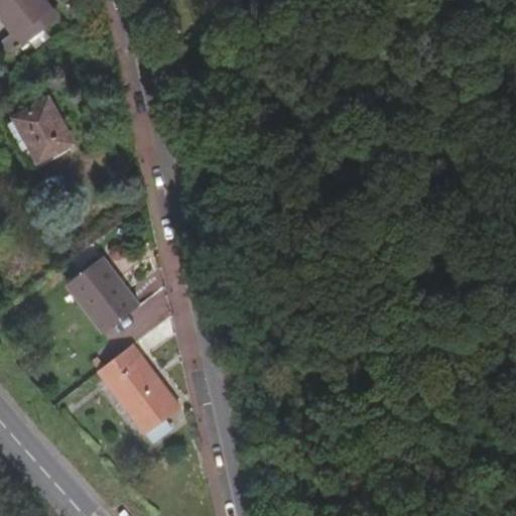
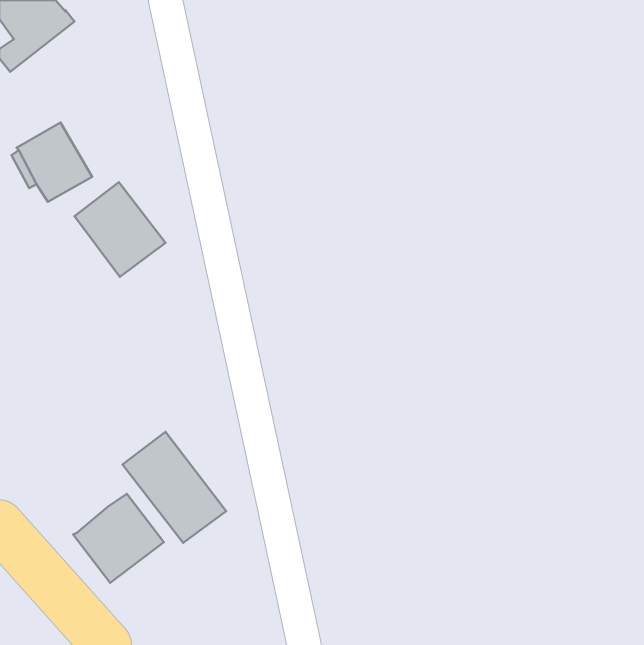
building: [67,257,139,333] -> [75,182,165,277]
building: none -> [73,494,164,583]

